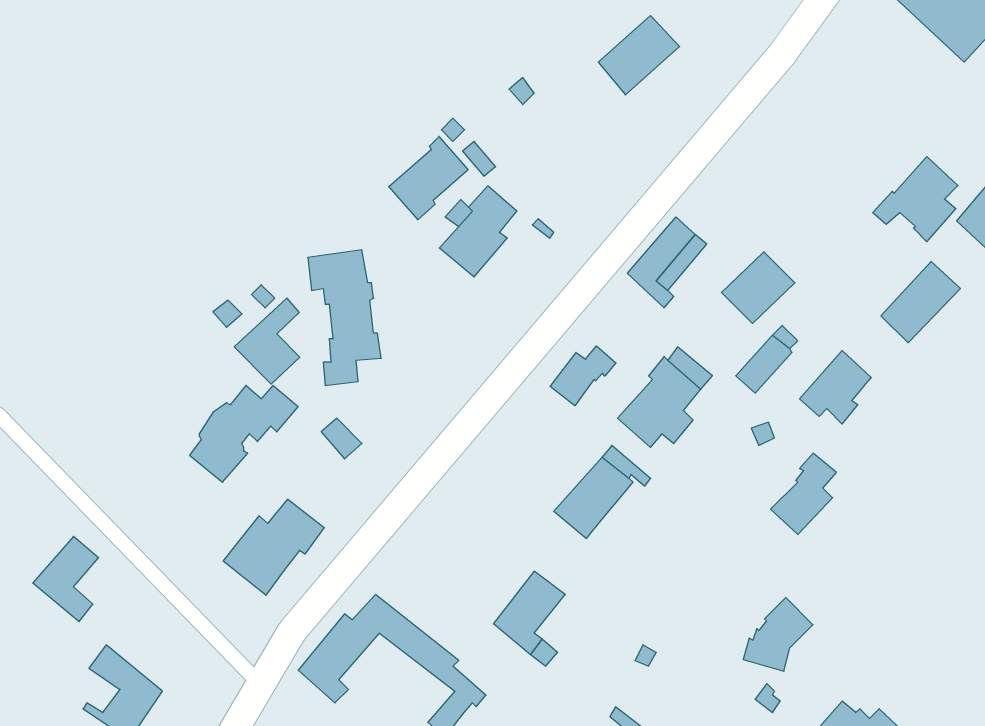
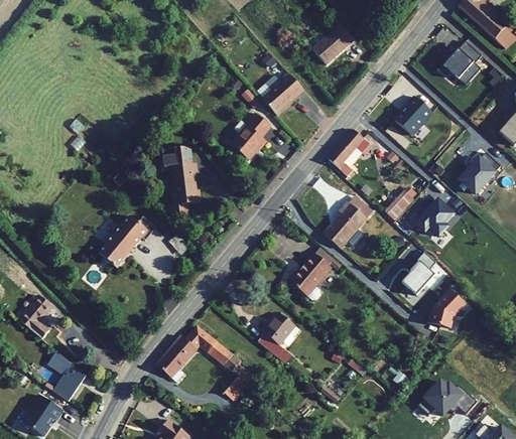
building: [389,136,468,220] -> [261,72,302,116]
building: [873,157,958,242] -> [437,40,482,85]
building: [721,252,795,323] -> [395,99,433,136]
building: [234,298,300,384] -> none
building: [550,346,616,406] -> none
building: [223,499,324,595] -> none
building: [743,598,813,671] -> [428,290,465,328]

